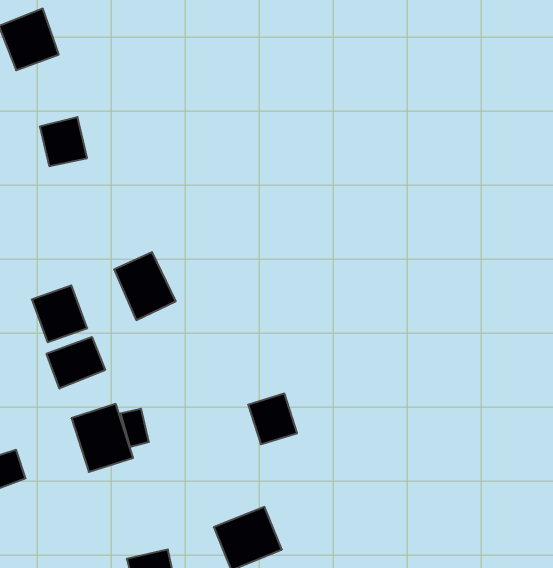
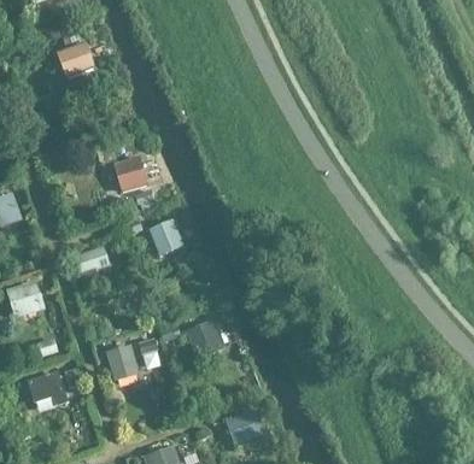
building: [40,117,87,166] -> [115,153,151,190]
building: [47,337,105,389] -> none
building: [248,394,297,444] -> [188,319,226,358]

